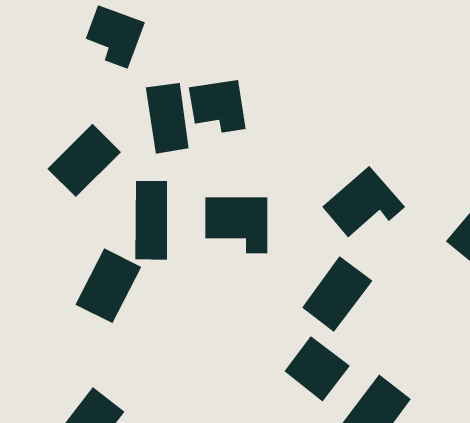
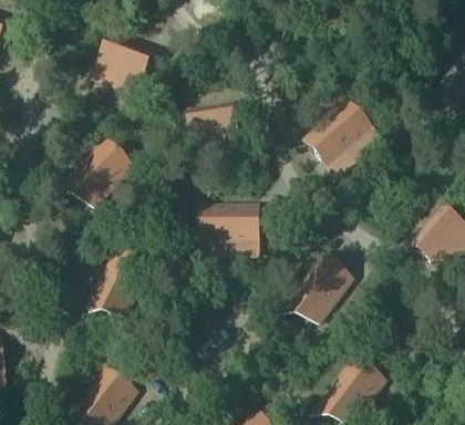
building: [145,82,189,154] -> none
building: [321,165,406,239] -> [307,100,381,164]
building: [135,180,168,261] -> none
building: [284,335,351,402] -> none

